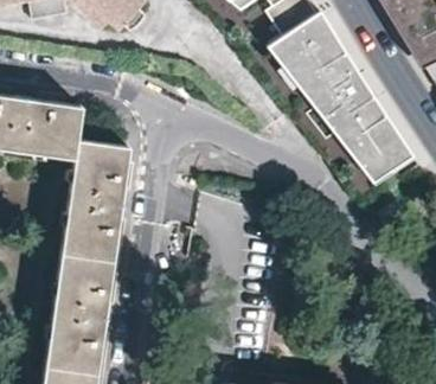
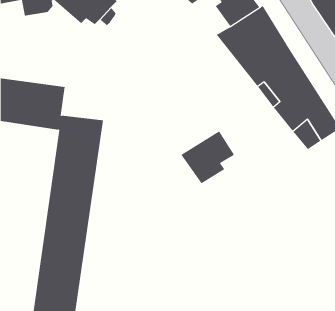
building: none -> [180,131,235,184]

